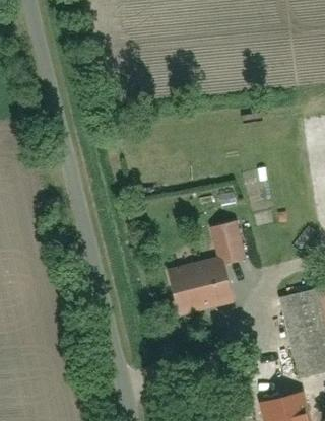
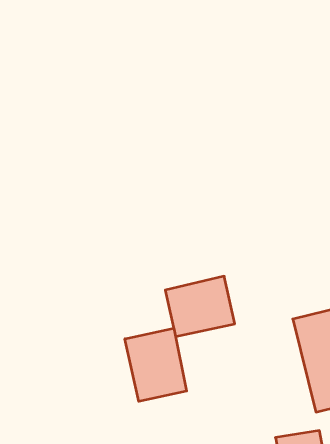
building: [214,218,246,265] -> none
building: none -> [125,328,187,401]

